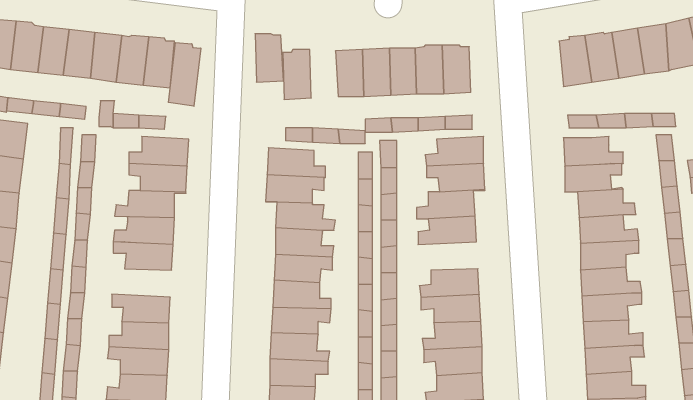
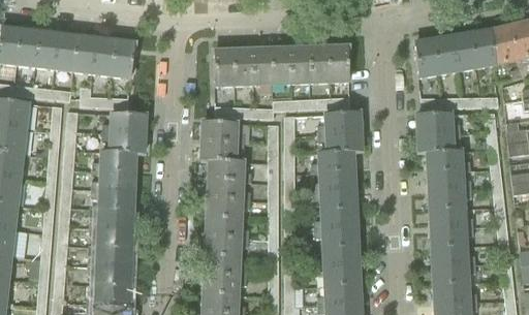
building: [255,34,284,82] -> [234,50,254,85]
building: [168,43,201,106] -> none
building: none -> [312,189,355,210]
building: none -> [90,209,133,229]

